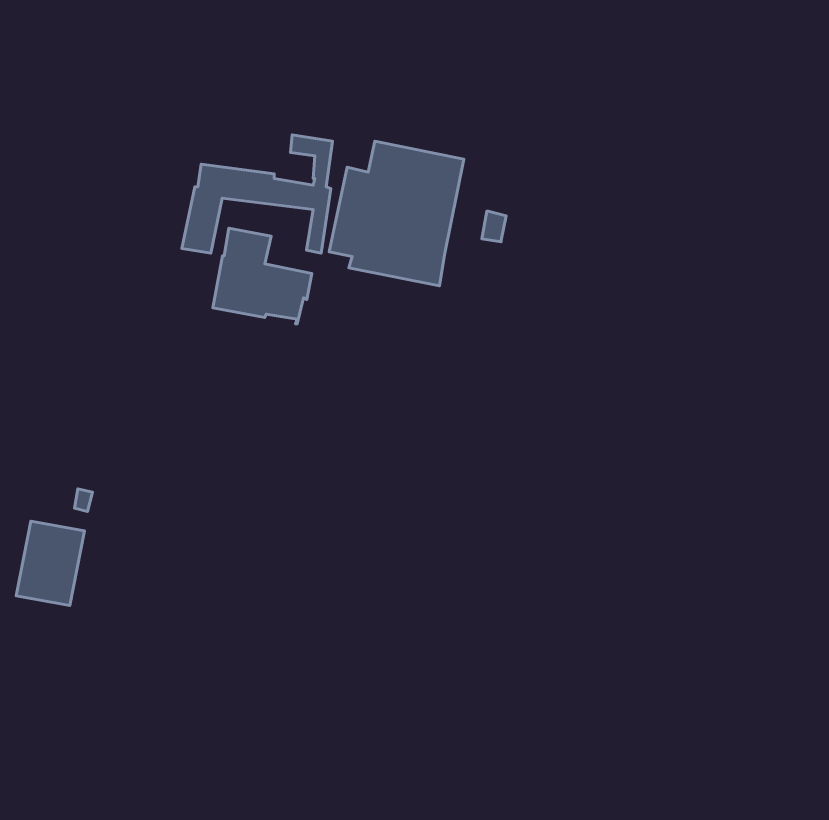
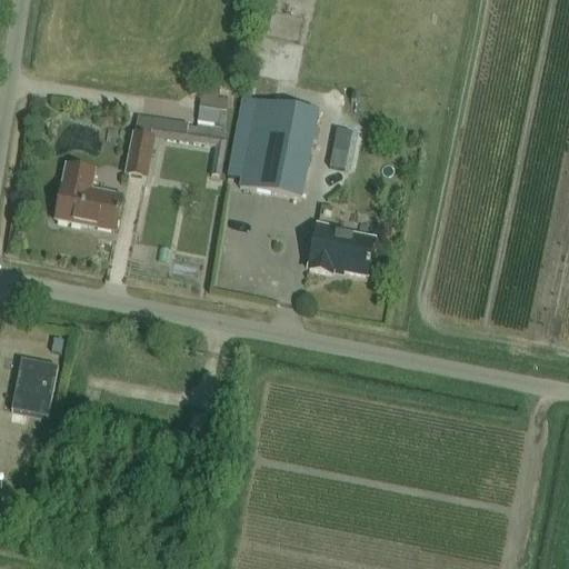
building: [213,228,312,324] -> [54,162,122,228]
building: none -> [309,226,372,272]

